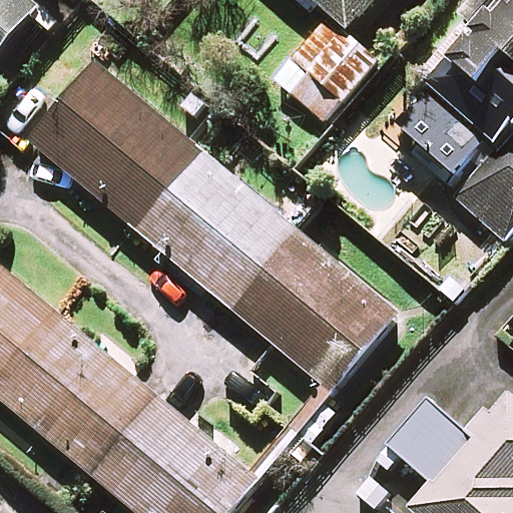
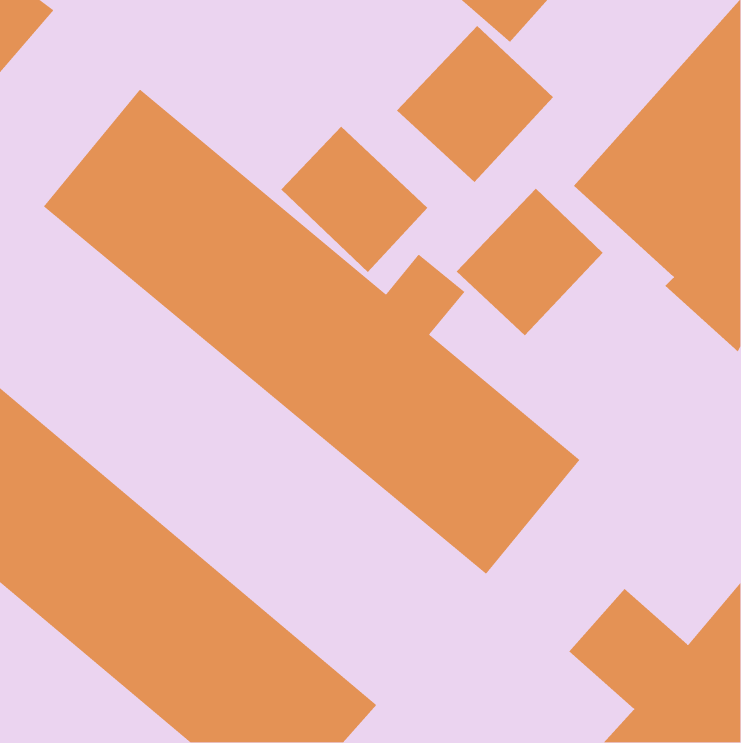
building: none -> [280,126,428,273]
building: none -> [456,188,603,336]

